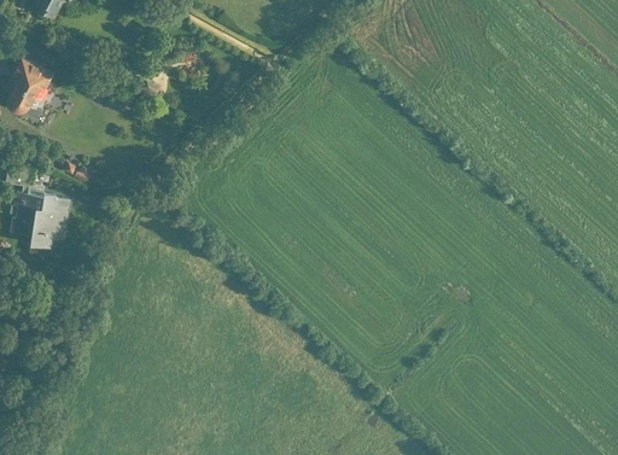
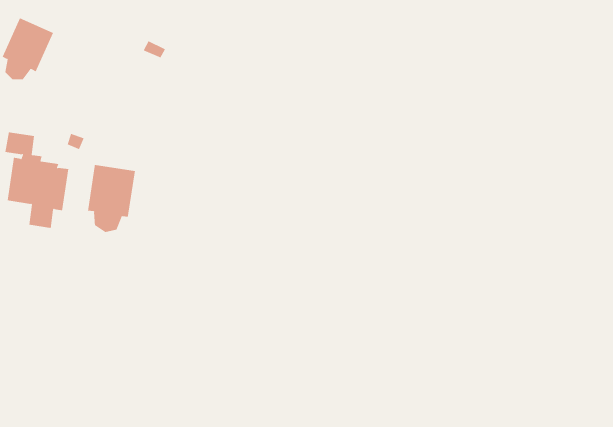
building: none -> [87,164,135,233]

